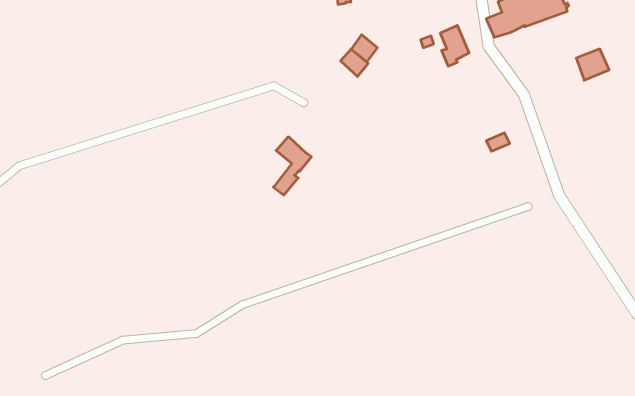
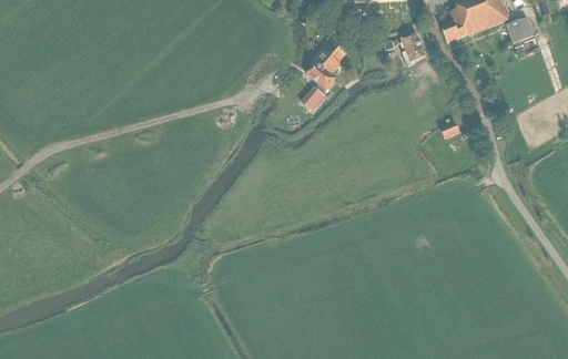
building: [576,49,609,80] -> [506,17,534,43]
building: [273,137,311,195] -> [303,61,335,110]

